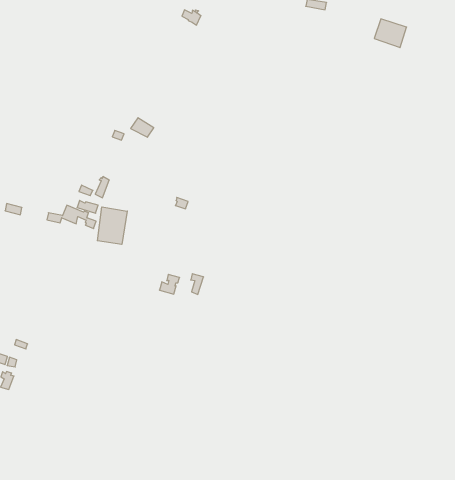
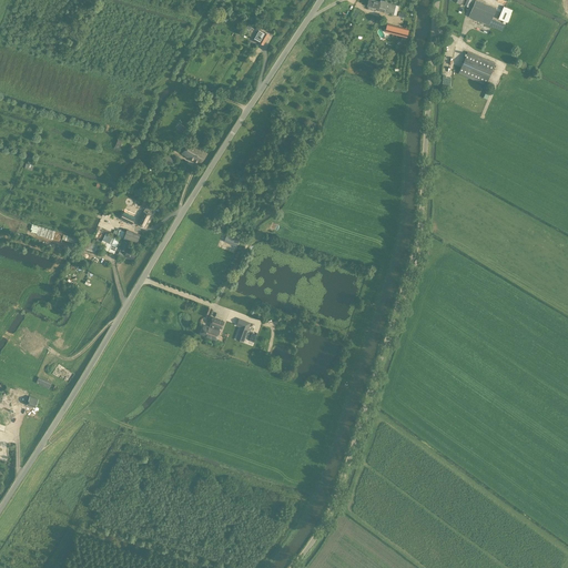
building: [97,207,127,244] -> none

